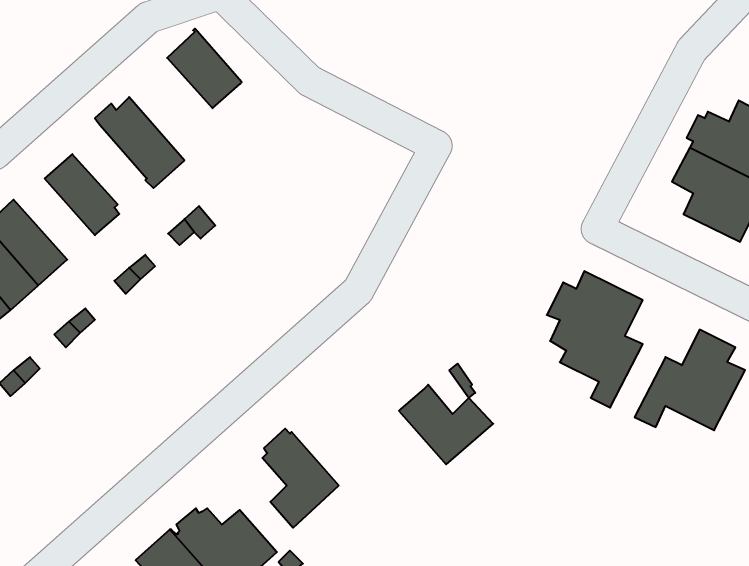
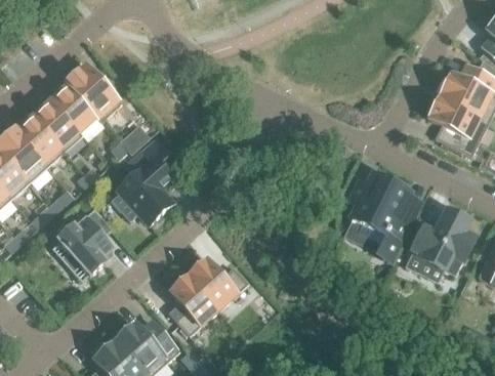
building: [167,29,242,108] -> [50,81,97,131]
building: none -> [13,115,65,166]
building: none -> [114,144,170,227]
building: none -> [55,207,115,278]
building: [399,385,493,464] -> [189,258,248,308]

